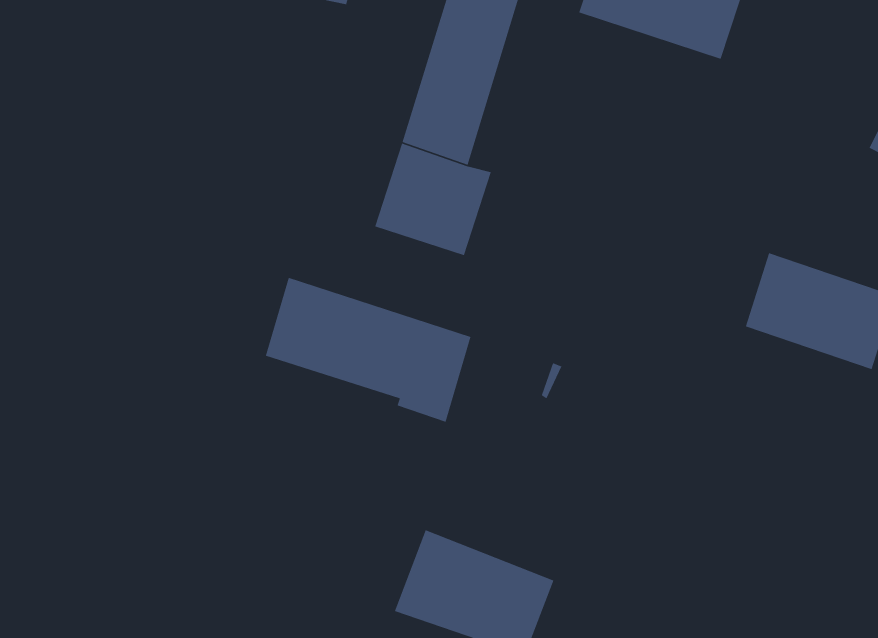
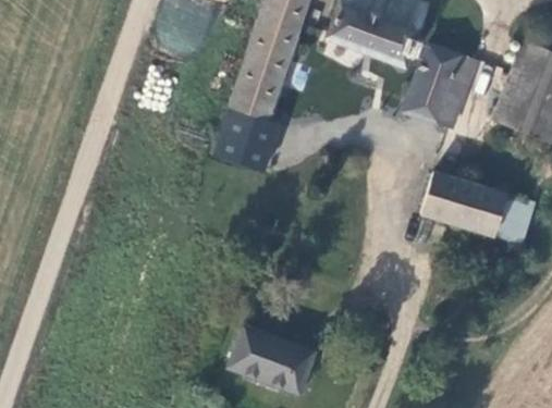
building: none -> [412,36,469,124]
building: [265,277,472,423] -> none

